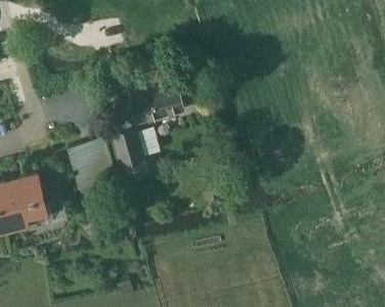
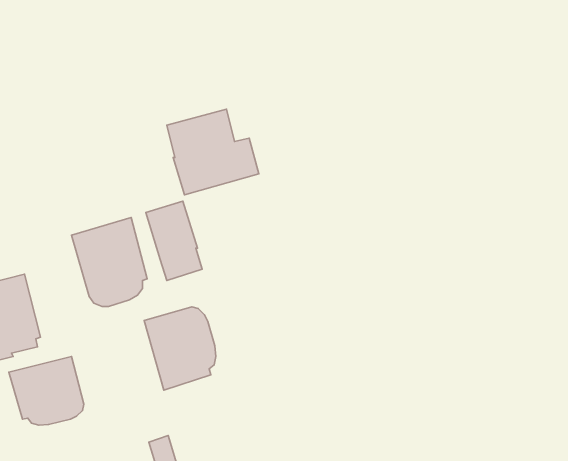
building: none -> [144,307,216,390]
building: none -> [9,357,84,425]

